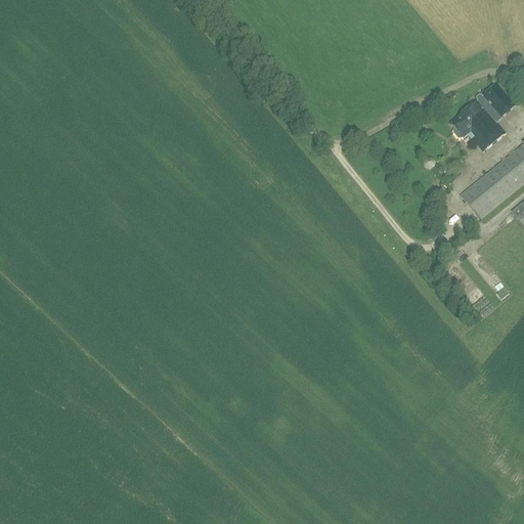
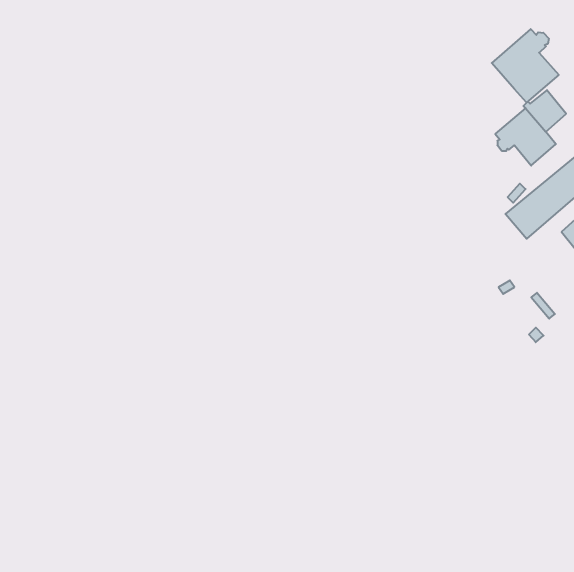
building: none -> [492,29,559,102]

